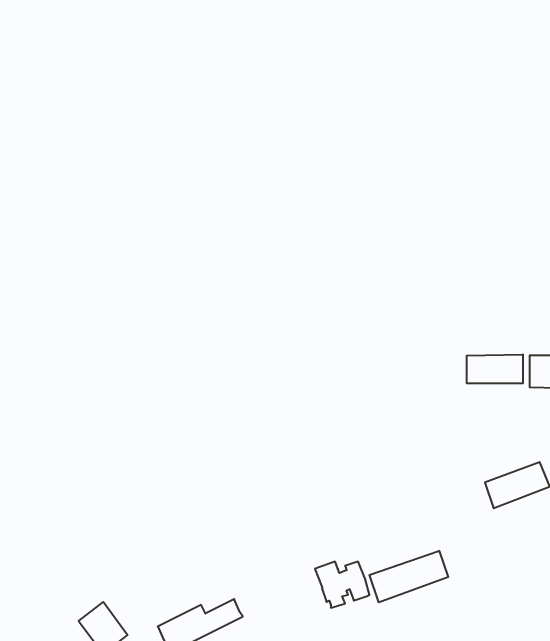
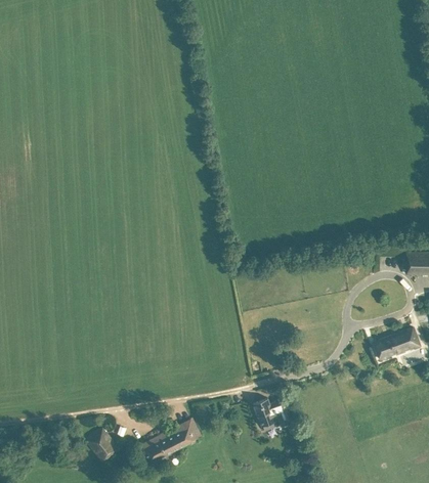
building: [467,354,523,383] -> none
building: [369,551,448,602] -> none

